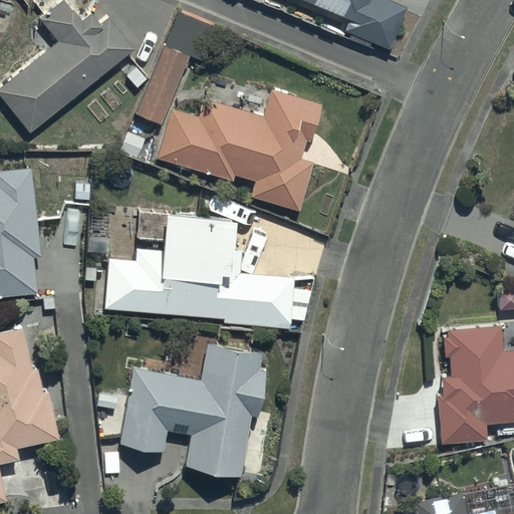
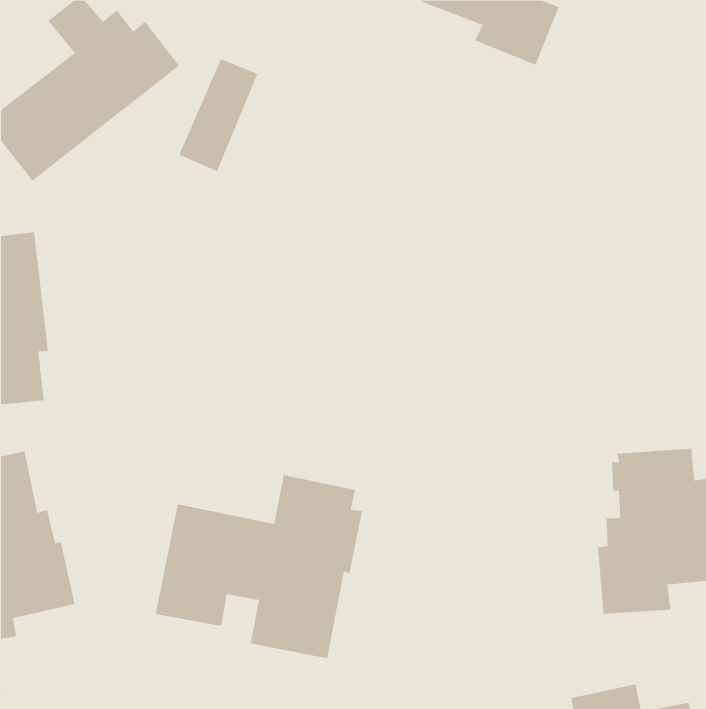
building: [157,90,321,211] -> none
building: [102,211,293,328] -> none

